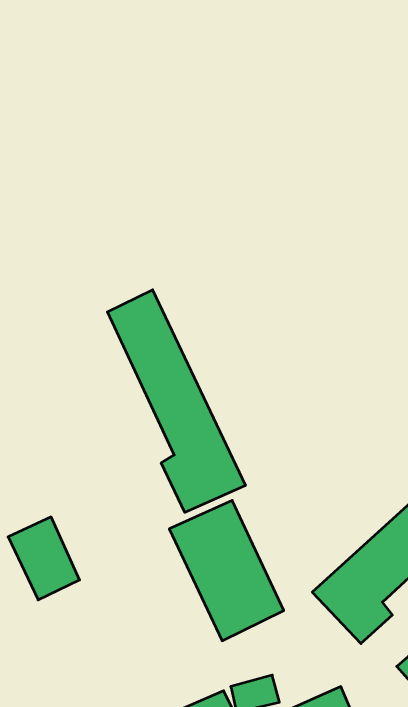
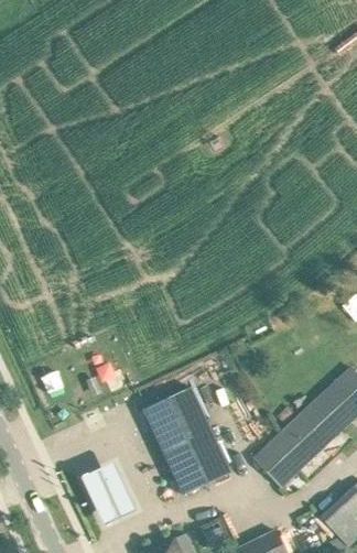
building: [107,290,245,512] -> none
building: [8,517,80,600] -> [84,469,139,533]

